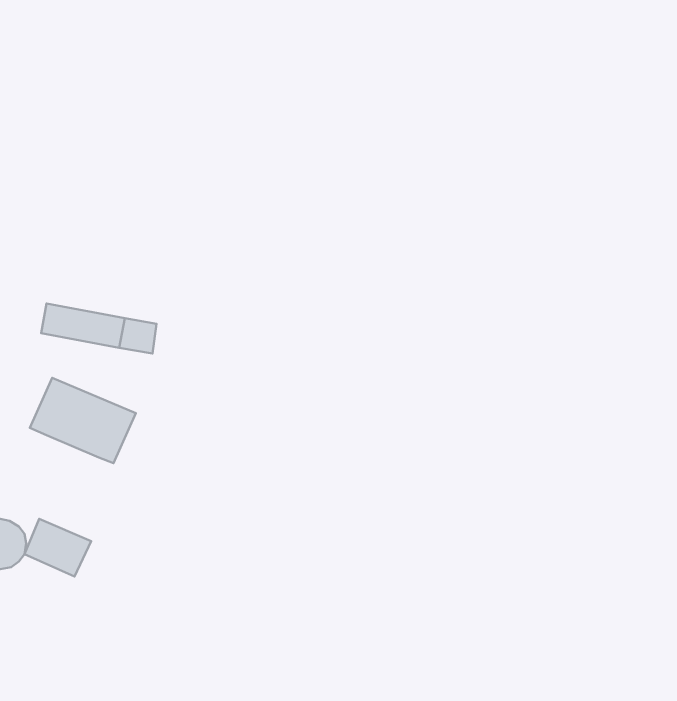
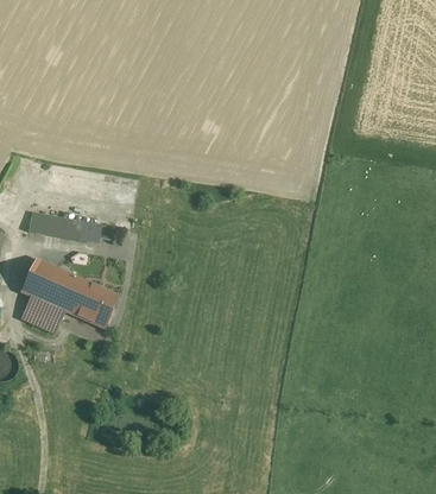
building: none -> [74,281,118,328]
building: [24,519,91,577] -> [21,296,64,332]

